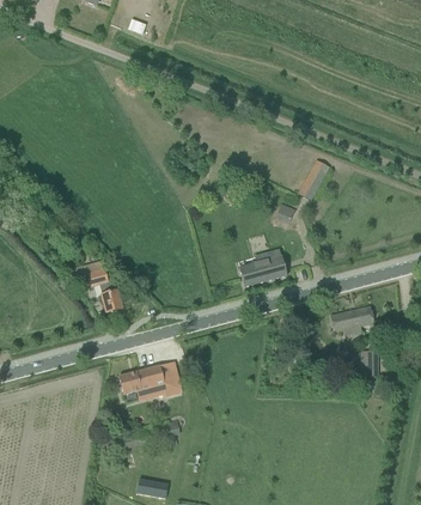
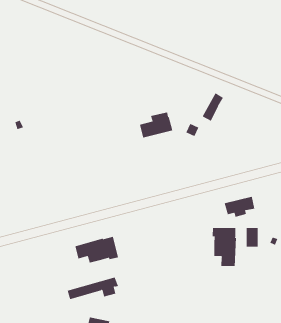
building: [239,249,287,286] -> [139,112,173,138]
building: [86,267,122,312] -> none
building: none -> [212,227,237,267]

